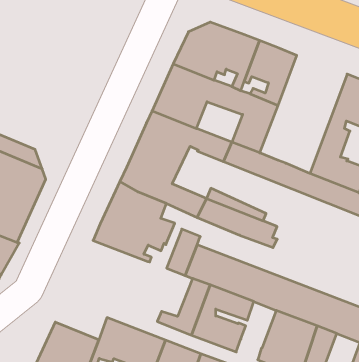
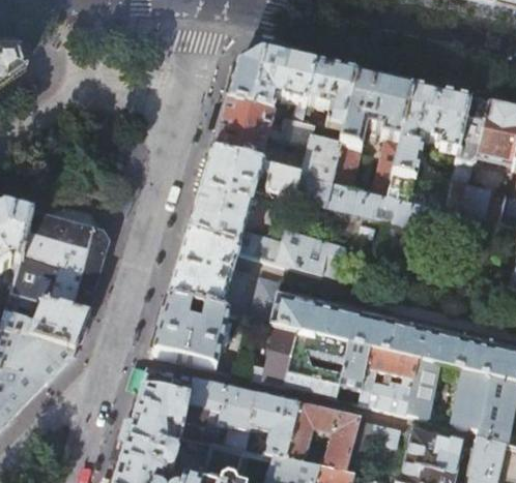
building: none -> [331,74,411,198]
building: none -> [150,300,228,369]
building: none -> [139,368,193,404]
building: none -> [338,341,371,389]

